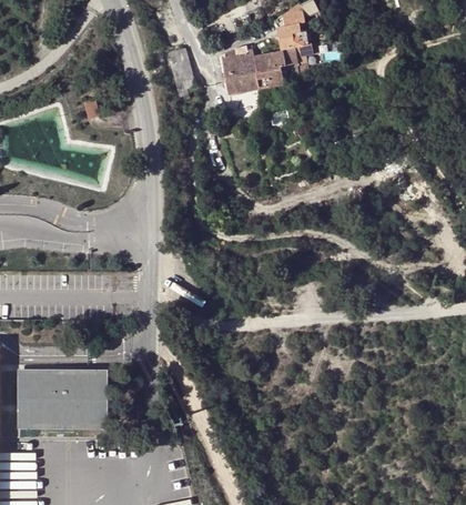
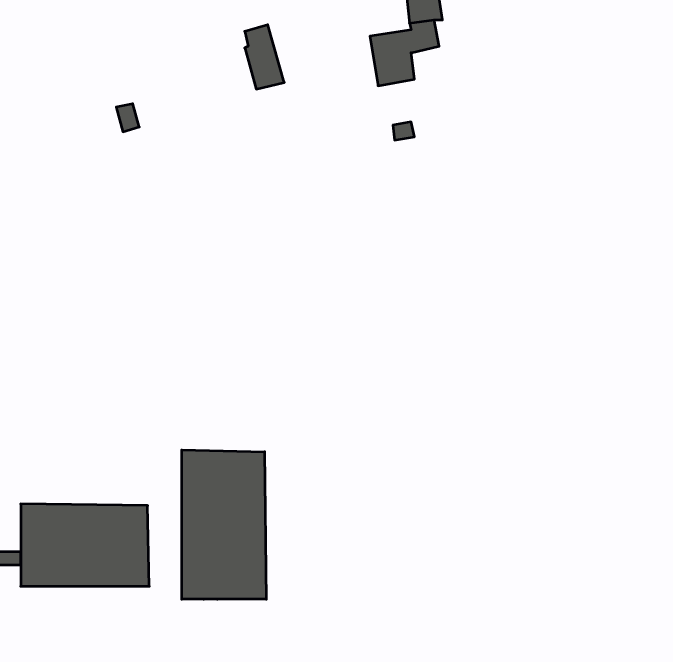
building: [222,44,259,93] -> none
building: none -> [182,450,266,599]

